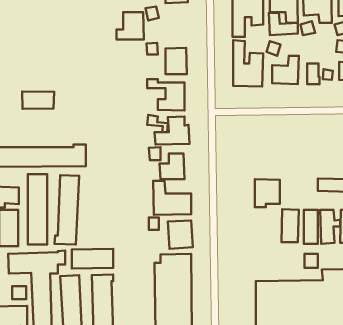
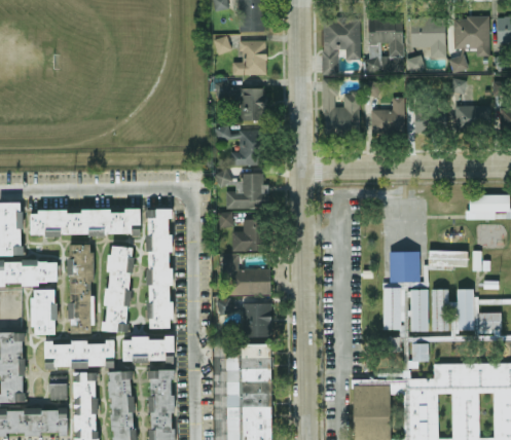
building: [117,12,144,39] -> [232,40,266,74]
building: [22,92,54,109] -> none
building: none -> [146,209,173,328]
building: [255,179,280,207] -> [389,251,419,286]

